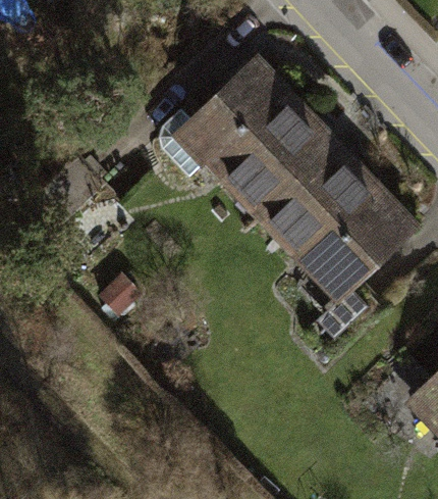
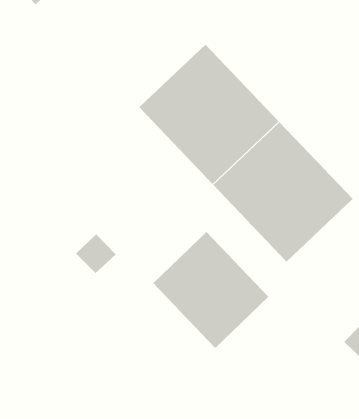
building: none -> [153,231,269,349]

